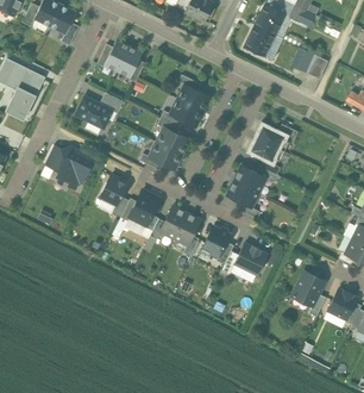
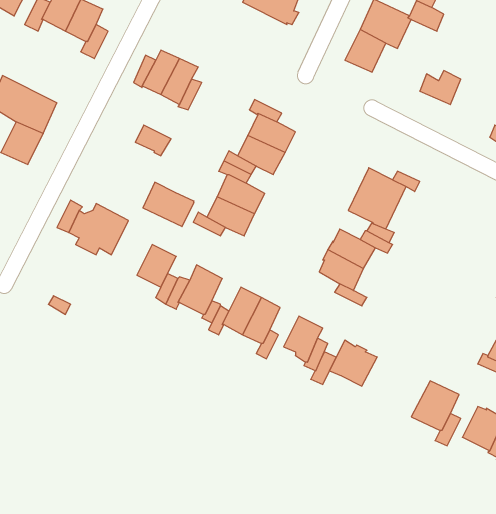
building: [76,96,112,127] -> [143,182,194,227]

